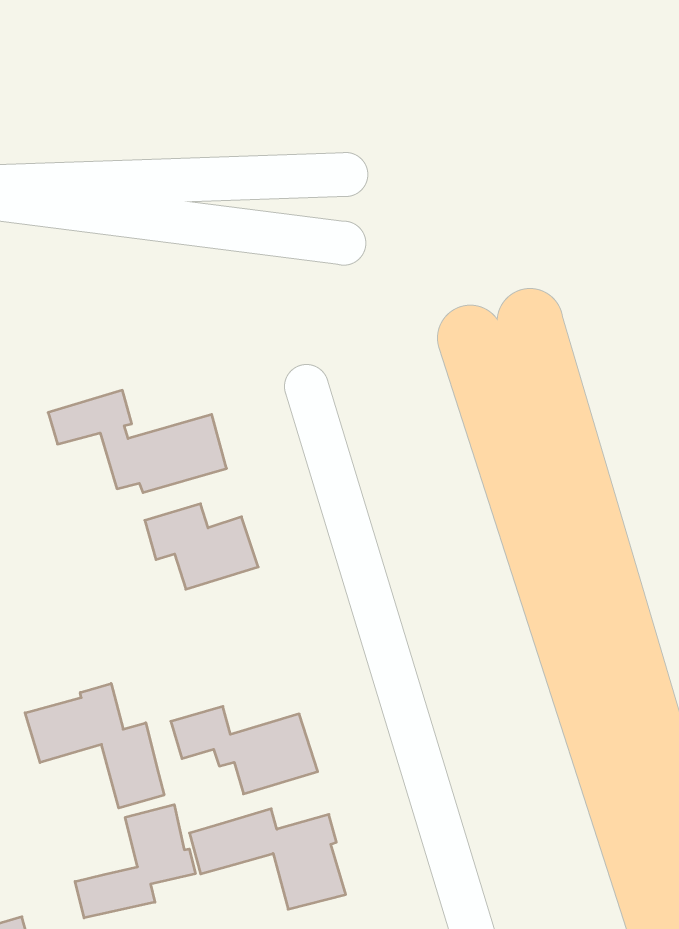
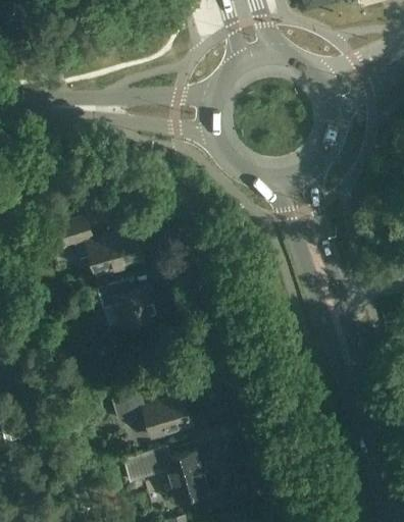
building: [25,683,164,808] -> none
building: [75,805,195,918] -> none

